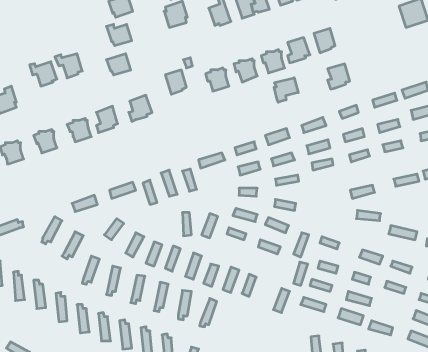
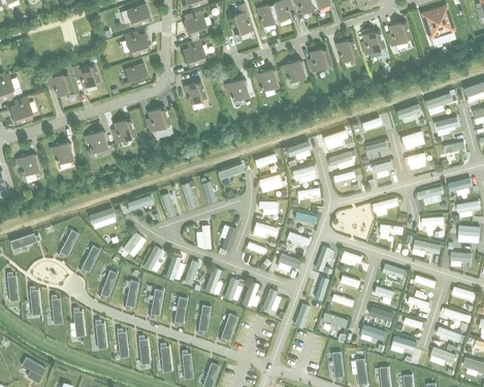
building: none -> [388,21,411,47]
building: none -> [182,40,205,67]
building: [328,64,350,89] -> [361,30,384,56]
building: [274,78,298,102] -> none

